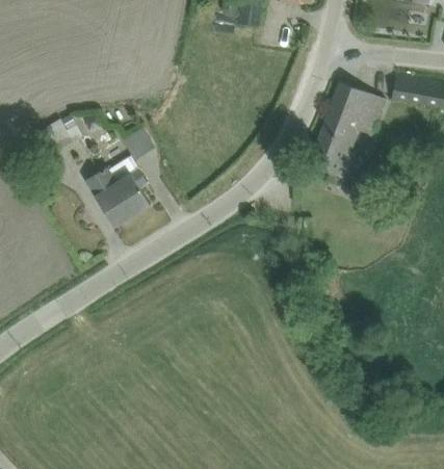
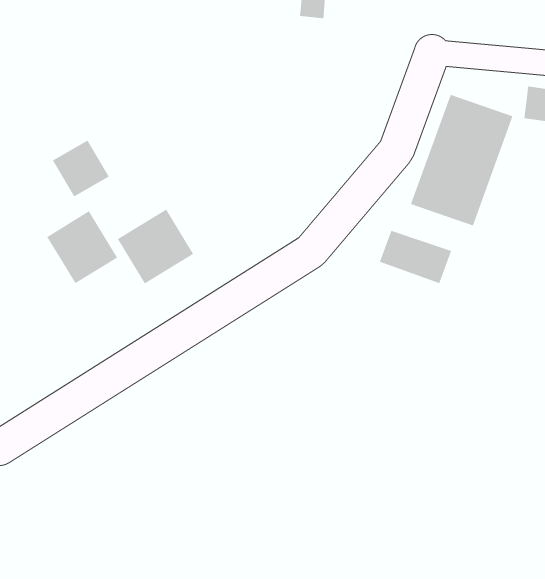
building: none -> [46,210,118,284]
building: none -> [379,230,452,284]

